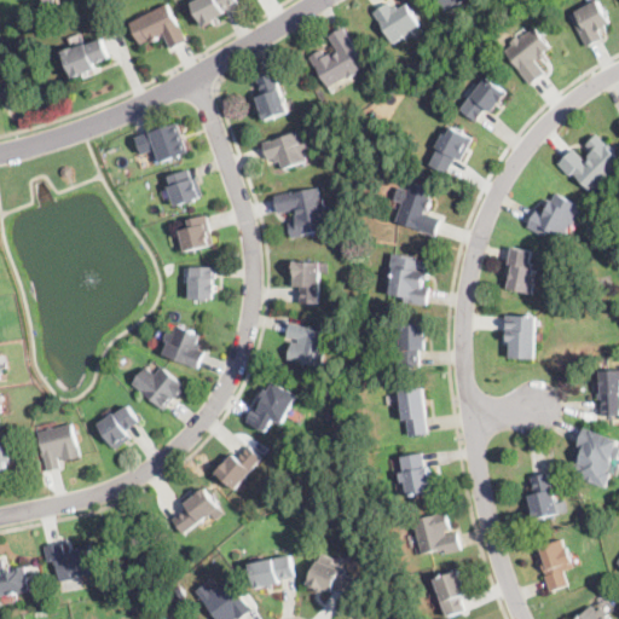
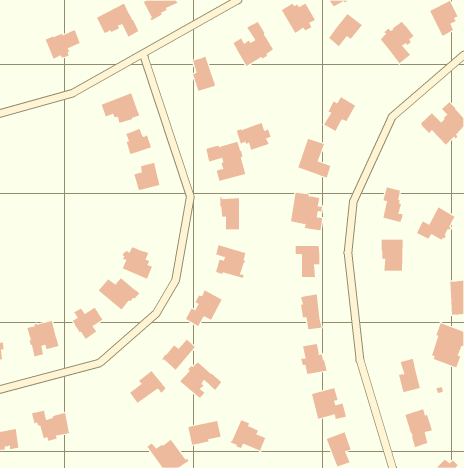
building: [458,77,504,122] -> [328,13,363,47]
building: [260,132,307,169] -> [236,122,271,151]
building: [525,192,577,237] -> [416,207,456,240]
building: [186,266,213,300] -> none
building: none -> [179,362,222,399]

